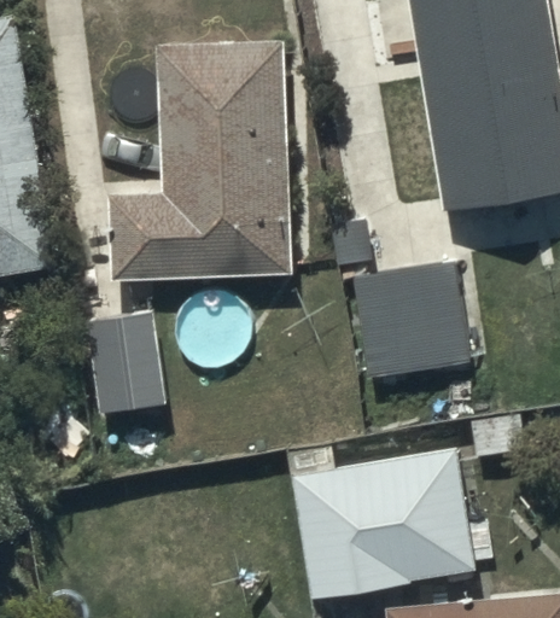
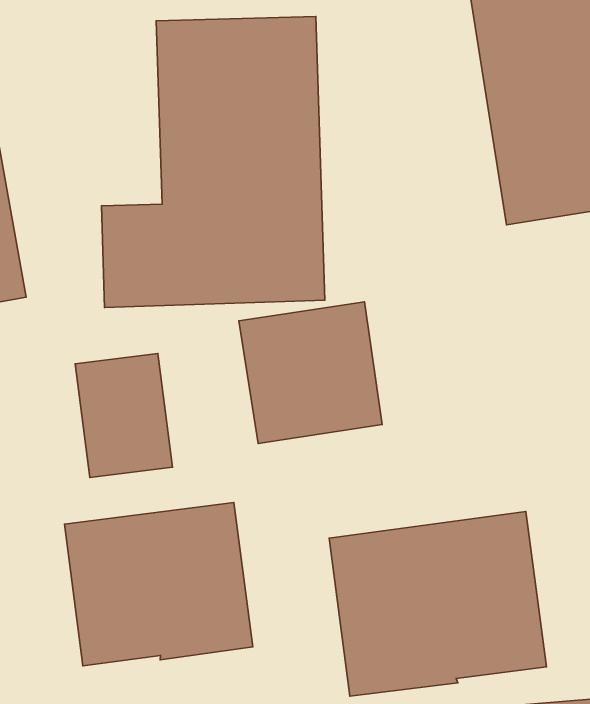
building: [350,261,467,377] -> [239,302,382,444]
building: none -> [64,503,253,666]

